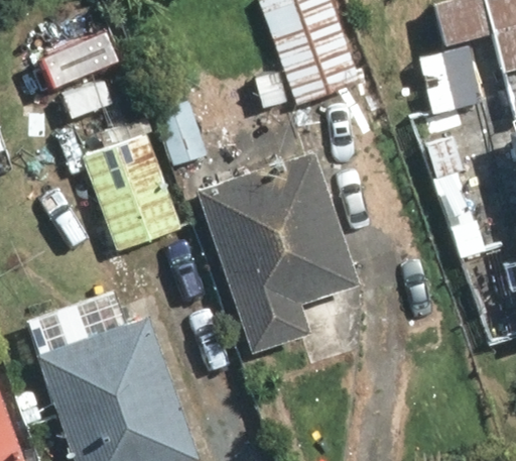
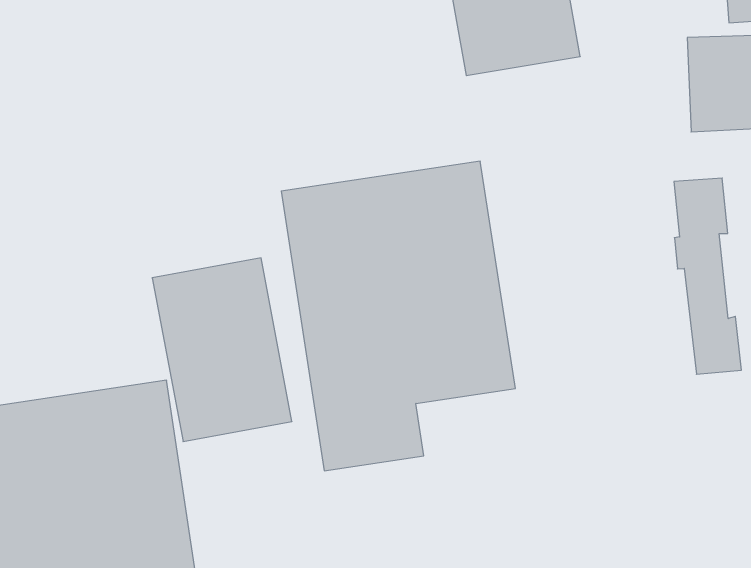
building: [85,132,182,249] -> [152,258,292,442]

